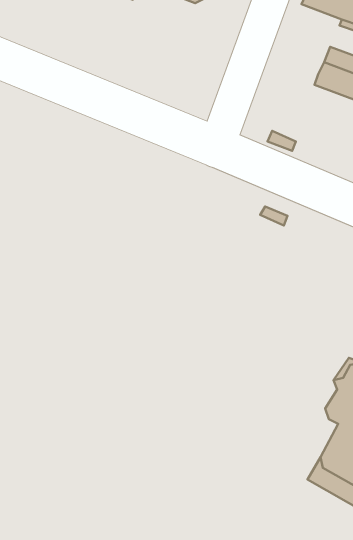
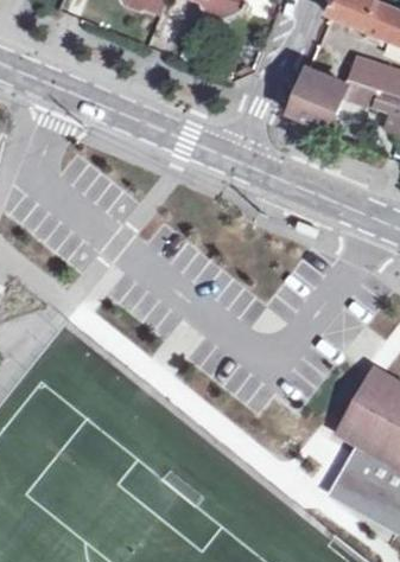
building: none -> [286,69,344,128]

